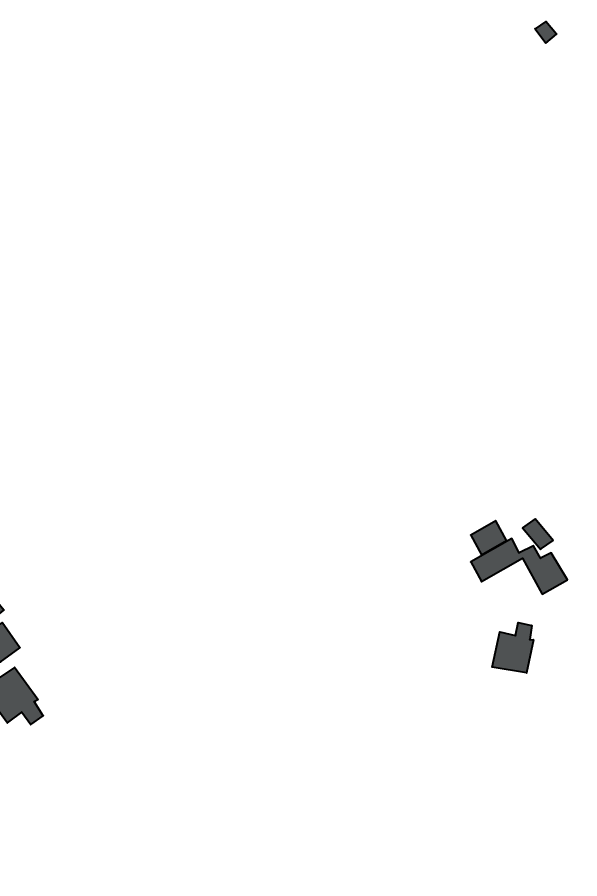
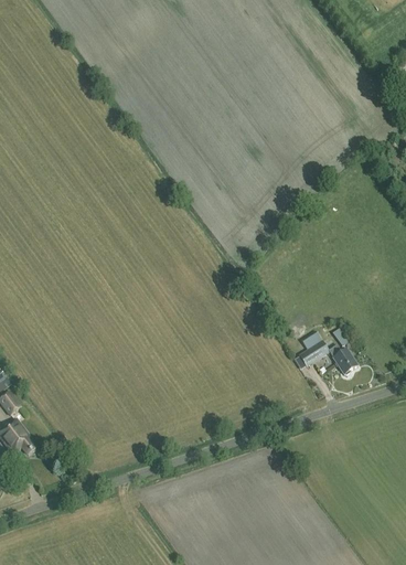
building: [492,623,533,673] -> none

